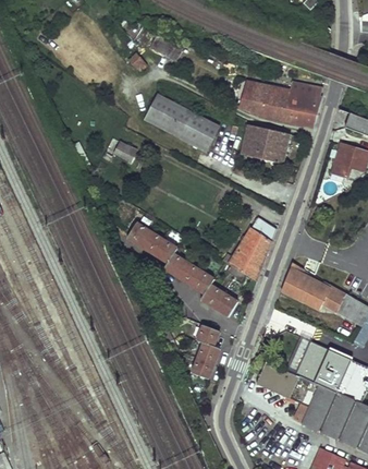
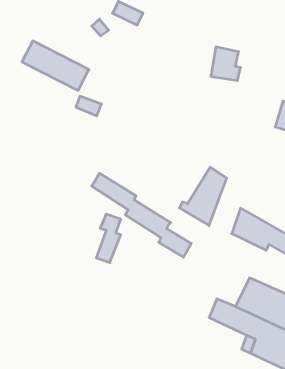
building: [241,81,265,115] -> none
building: [286,81,323,125] -> none
building: [144,95,218,149] -> [22,41,89,90]
building: [241,124,290,164] -> none
building: [193,325,220,378] -> [96,214,121,263]

